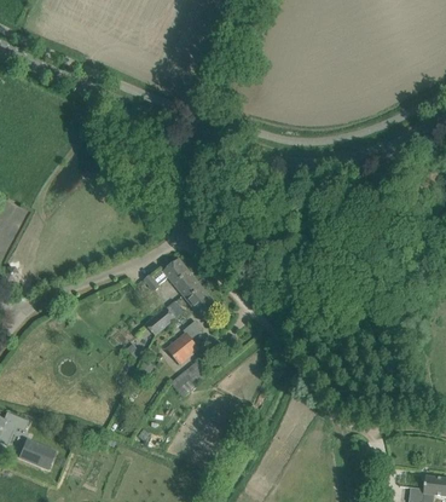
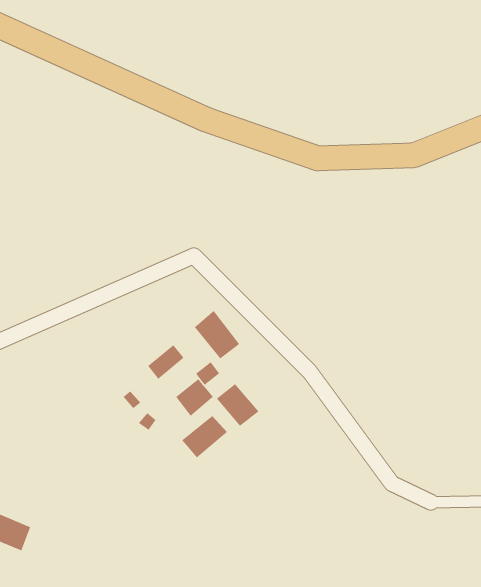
building: [144,259,197,294] -> none
building: none -> [216,383,259,427]

